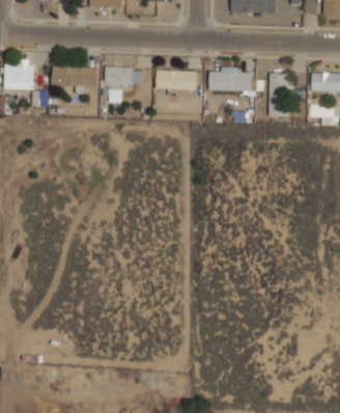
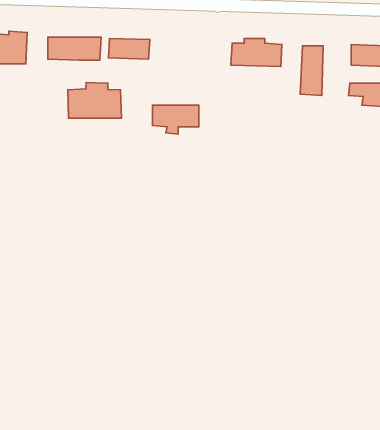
building: [155,71,195,95] -> [153,105,199,134]
building: none -> [68,83,121,118]

